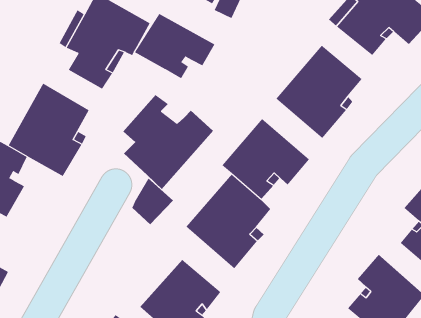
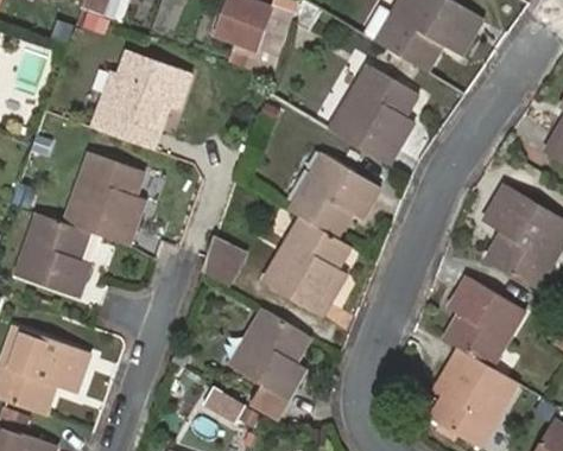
building: [134,13,215,79] -> none
building: [122,94,214,190] -> none

